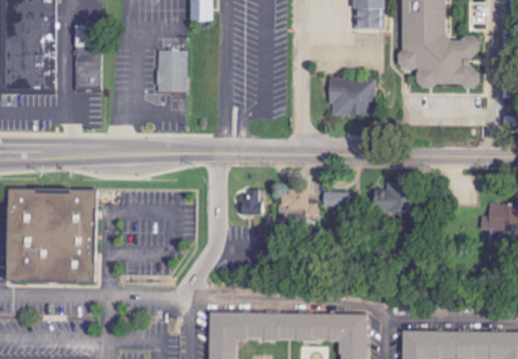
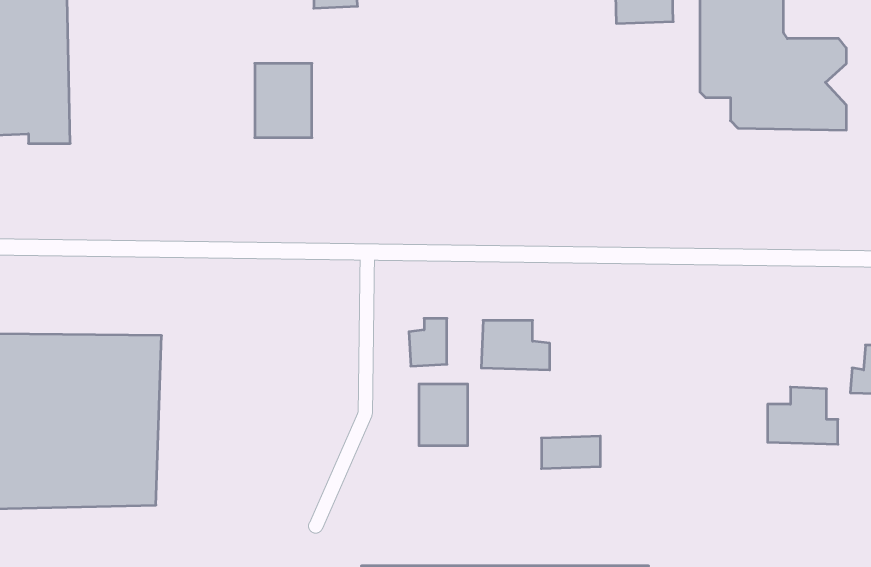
building: [326,76,374,114] -> none
building: [372,180,410,211] -> [768,387,838,444]
building: [321,189,353,207] -> [541,436,600,469]
building: none -> [419,384,468,446]

